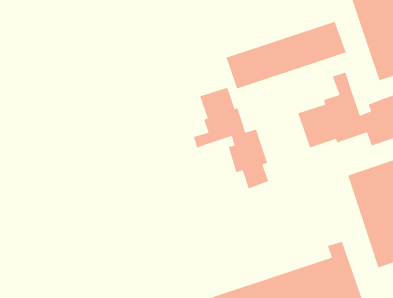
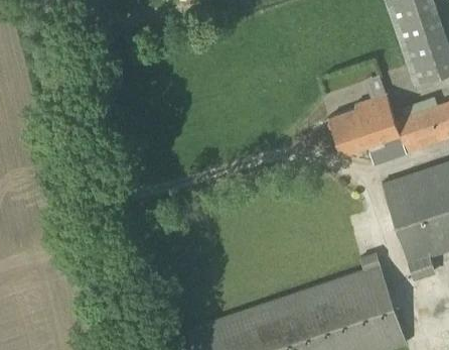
building: [226,21,347,90] -> none
building: [193,87,269,190] -> none

